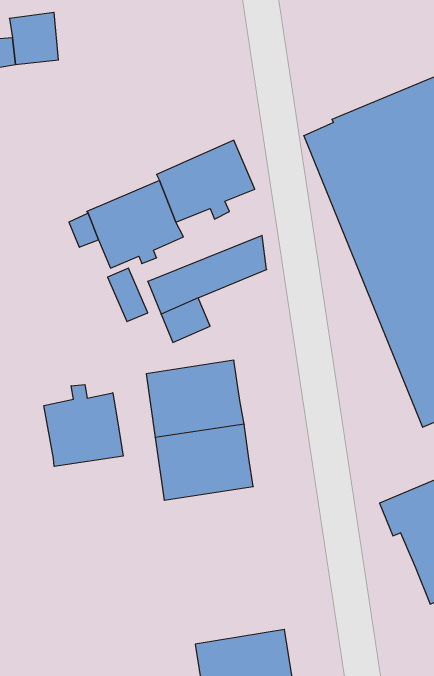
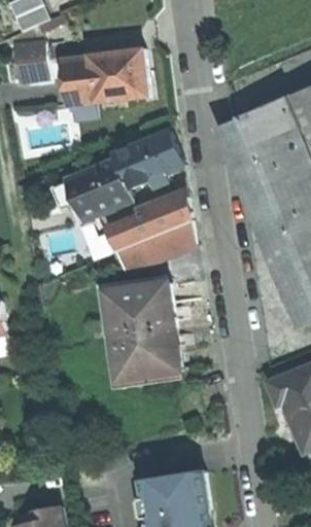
building: none -> [62,47,149,104]
building: none -> [143,220,195,259]
building: [44,385,123,466] -> none

